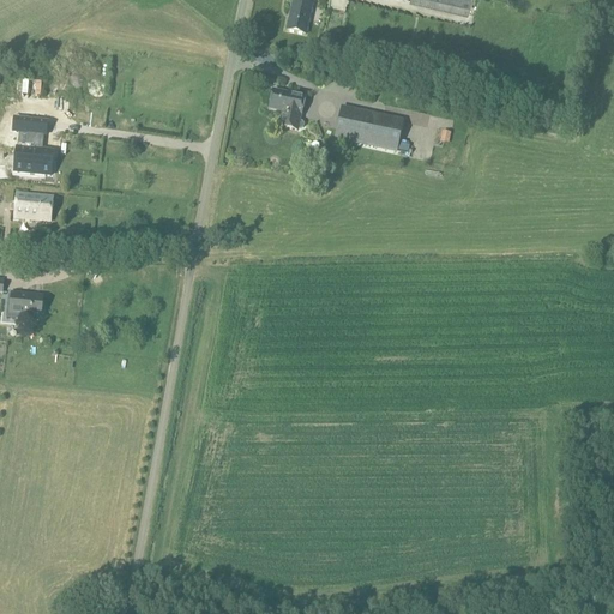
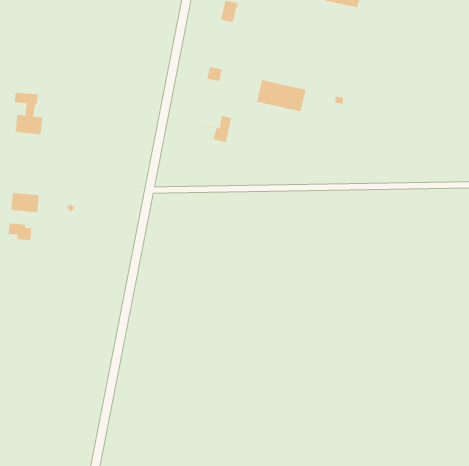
building: [269,90,305,127] -> [204,115,232,143]
building: [14,191,53,218] -> [10,192,40,213]

